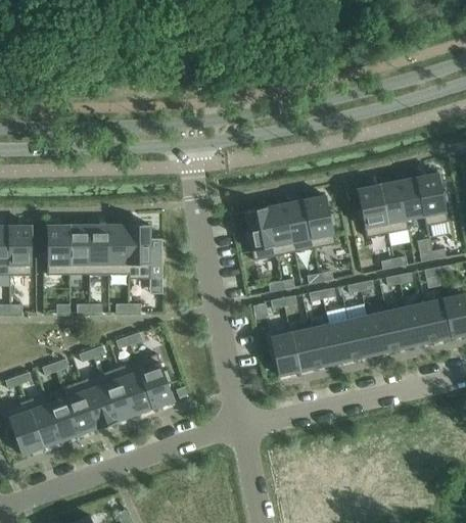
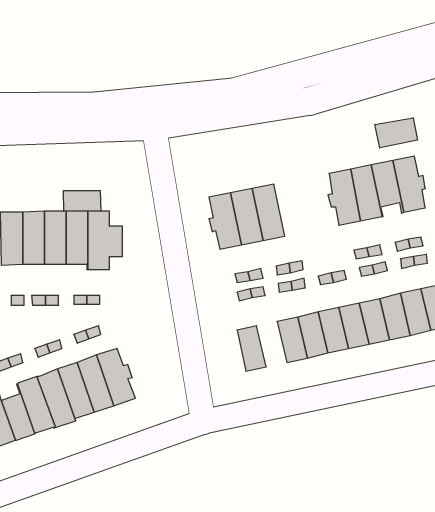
building: none -> [375,118,418,148]
building: [306,194,336,247] -> none
building: none -> [64,191,101,211]
building: [289,328,318,371] -> none

